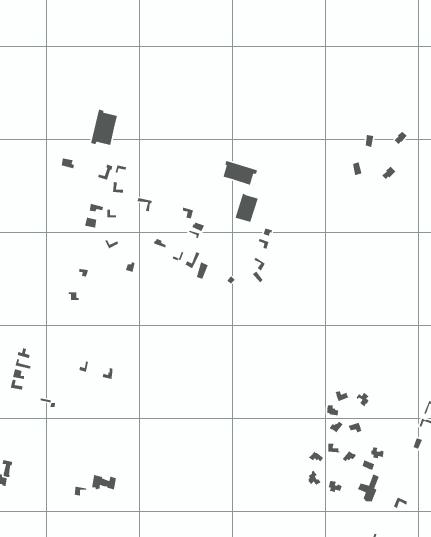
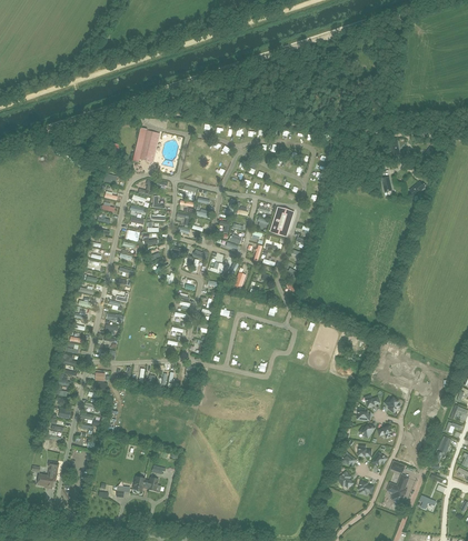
building: [222,160,258,186] -> none

